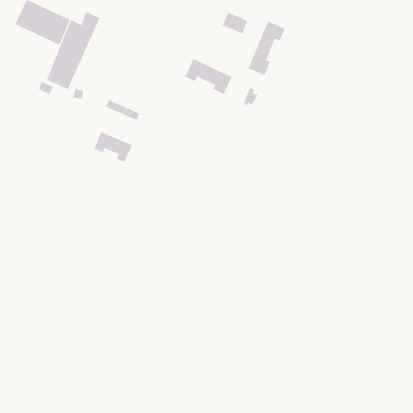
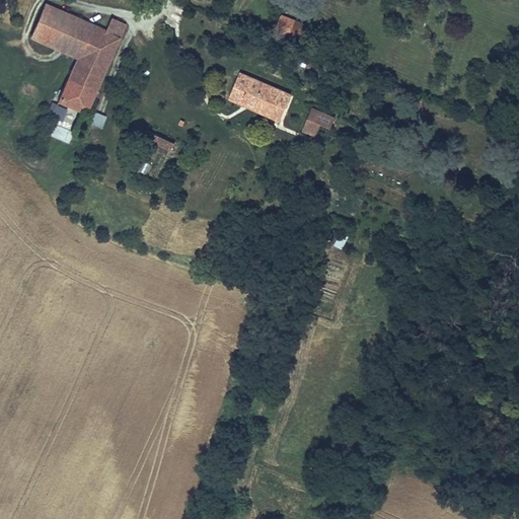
building: [248,21,285,76] -> none
building: [94,131,133,163] -> none

